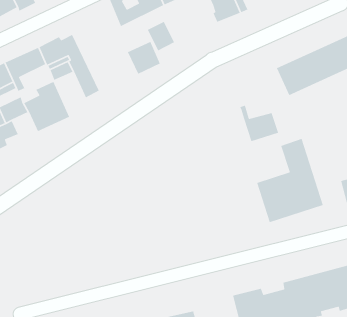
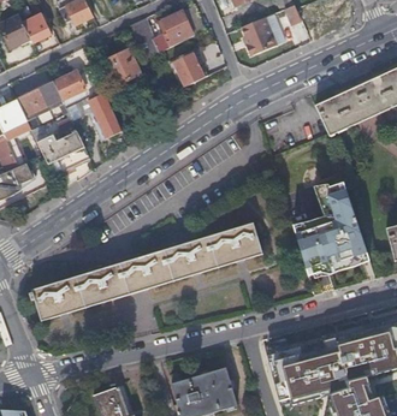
building: [127,41,161,75] -> [103,49,141,87]
building: [239,104,279,142] -> none
building: none -> [29,222,262,321]

